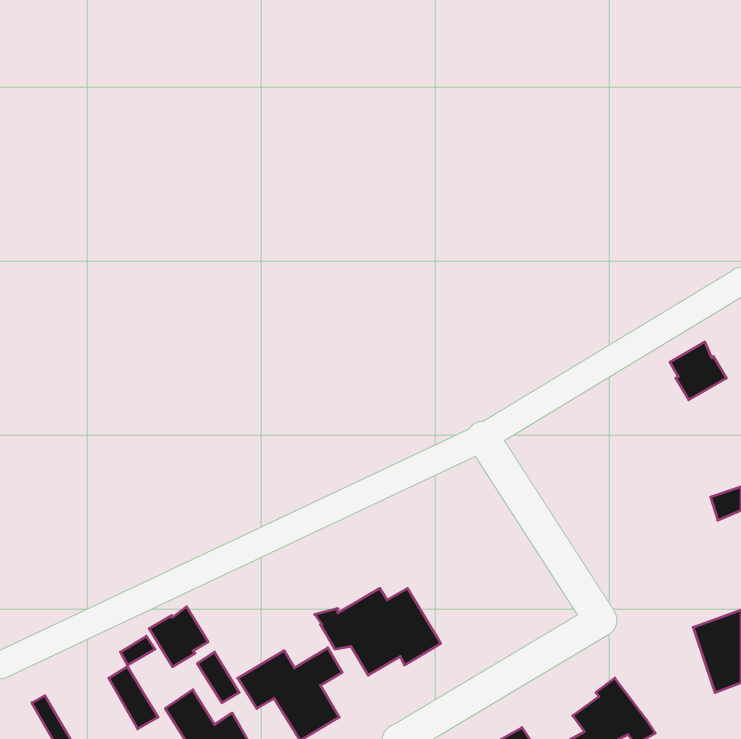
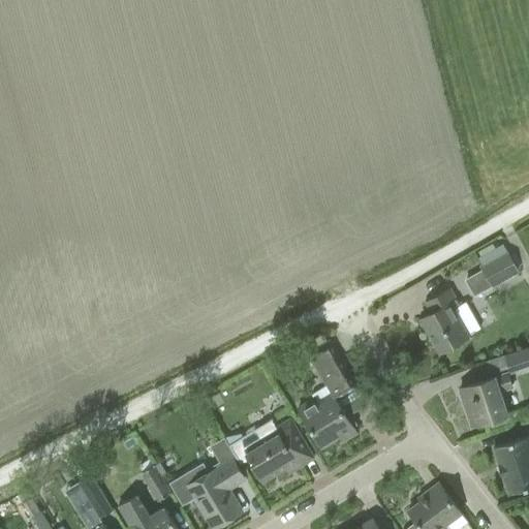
building: none -> [421,289,480,354]
building: none -> [299,342,356,448]
building: none -> [460,374,511,428]
building: [149,607,208,667] -> none

